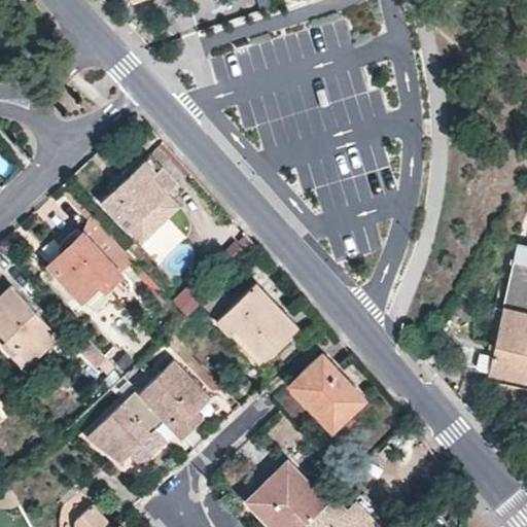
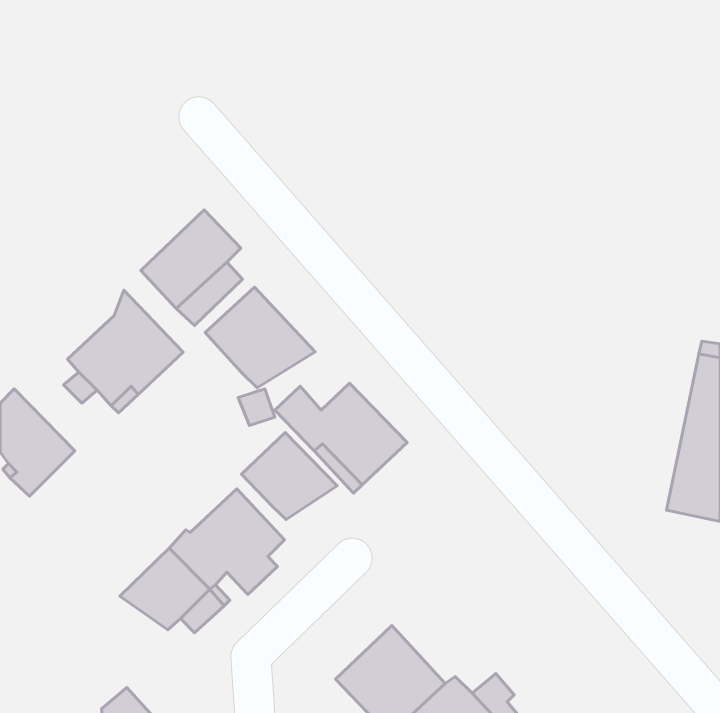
building: none -> [205,287,315,388]
building: none -> [241,433,337,520]
building: [289,356,363,431] -> none

